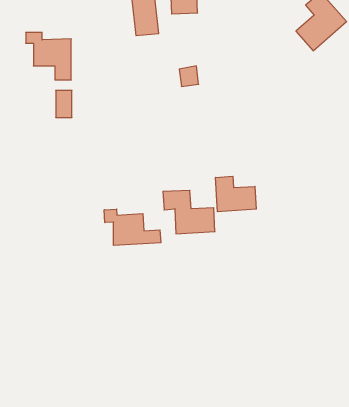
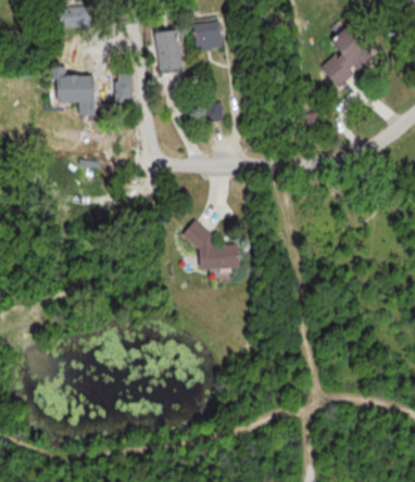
building: [56,90,72,117] -> [115,75,131,102]
building: [216,176,256,212] -> none
building: [104,209,161,245] -> none

